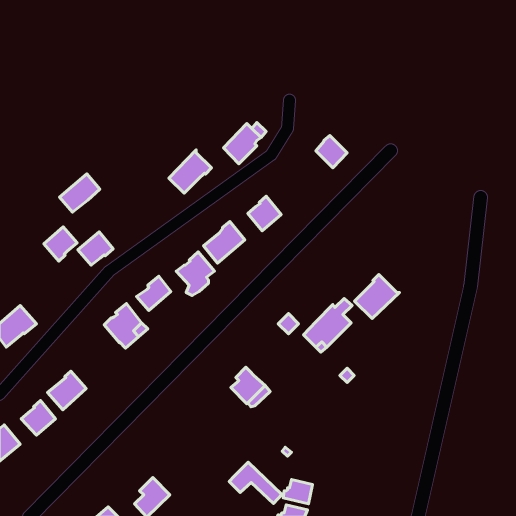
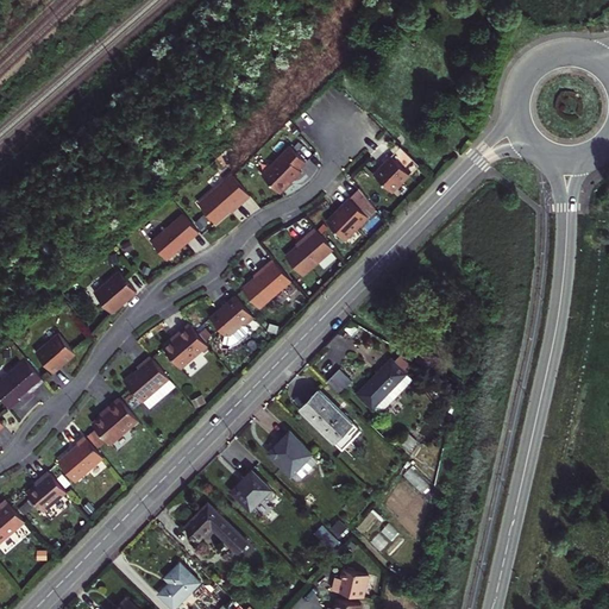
building: none -> [319,188,370,239]
building: [59,174,100,212] -> [149,216,196,262]
building: [44,227,77,261] -> [33,334,73,375]
building: [355,275,400,319] -> none
building: none -> [300,390,360,451]
building: none -> [89,400,137,446]
building: none -> [233,471,271,511]
building: [229,462,282,504] -> [186,504,247,553]

